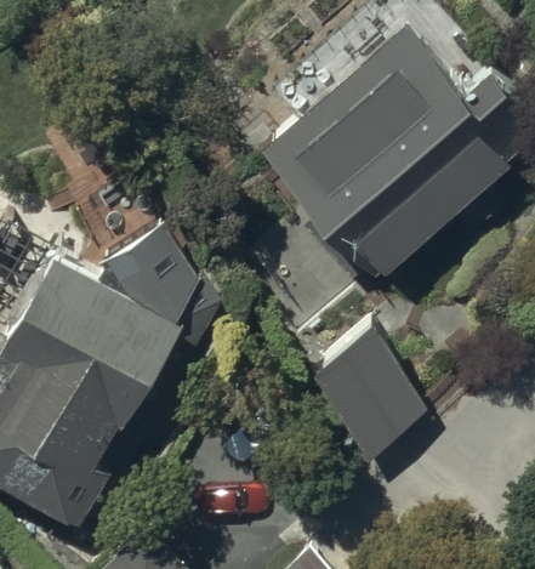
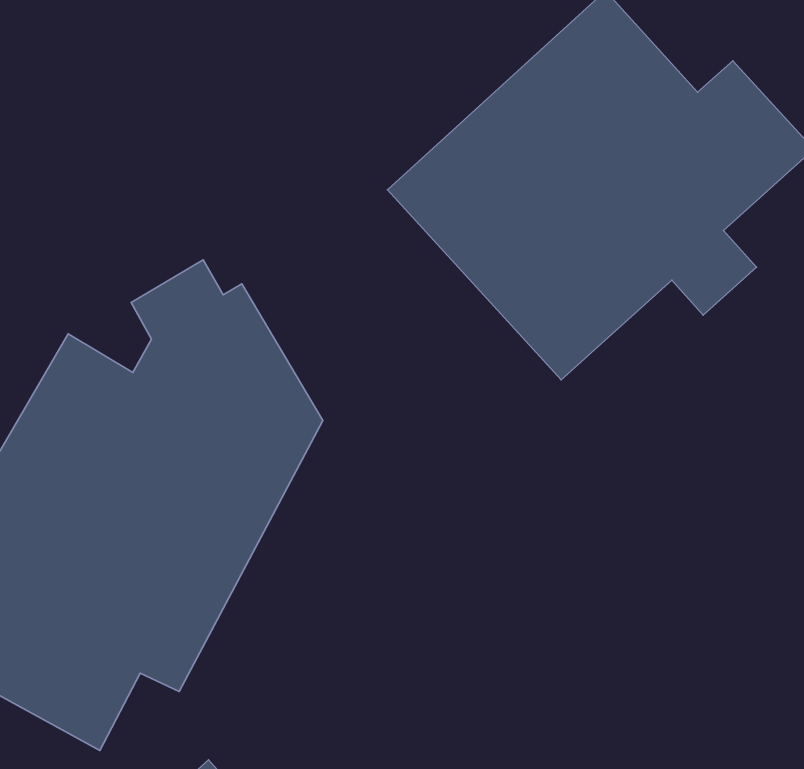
building: [308,326,421,474] -> none

